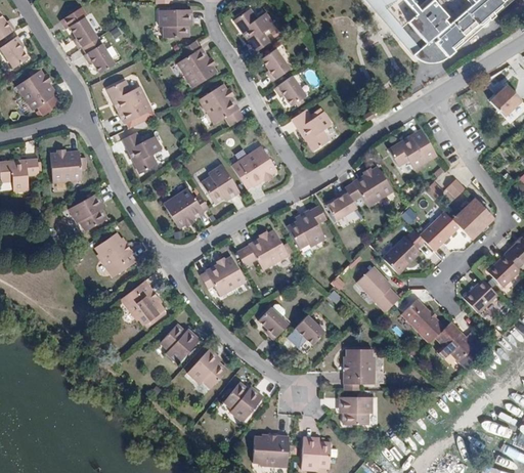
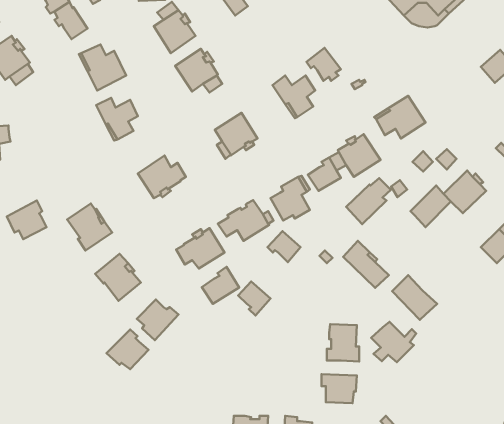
building: [259,48,290,81] -> none
building: [272,74,305,105] -> [306,48,341,81]
building: [50,152,84,181] -> none
building: [201,164,238,201] -> none
building: [70,191,107,228] -> [7,201,47,239]
building: [383,231,426,275] -> [346,178,391,224]
building: [466,279,498,313] -> none
building: none -> [202,267,239,304]
building: [291,314,322,344] -> [267,231,301,262]
building: [436,322,479,361] -> [371,322,416,362]
building: [186,348,226,386] -> [107,330,148,369]
building: [222,383,261,422] -> none

